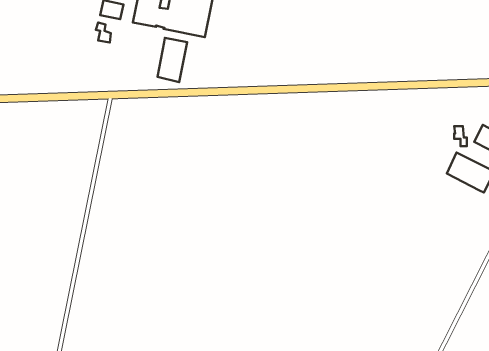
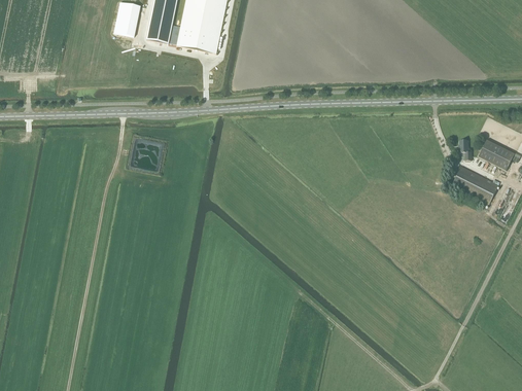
building: [158,38,187,82] -> none

